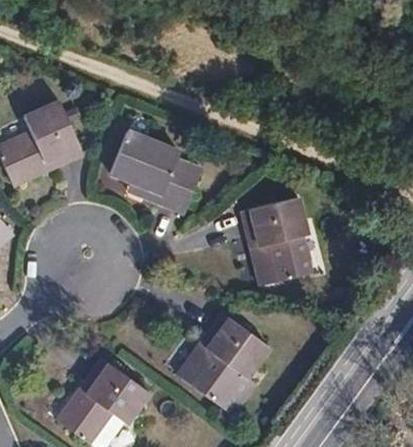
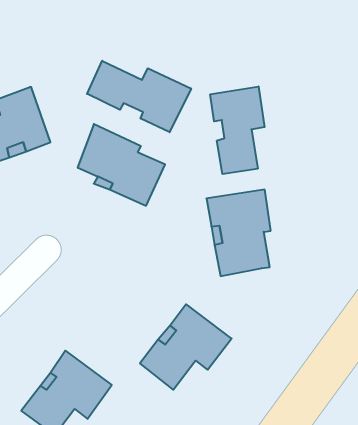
building: none -> [87,61,191,132]
building: none -> [210,86,265,174]

